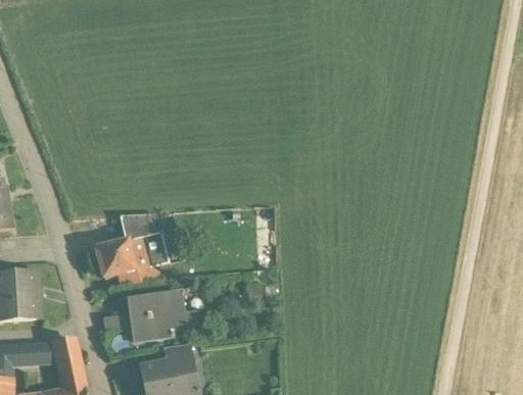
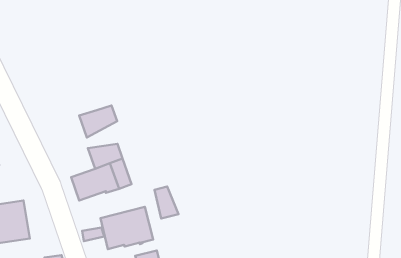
building: none -> [79,105,117,137]
building: none -> [155,186,178,218]

